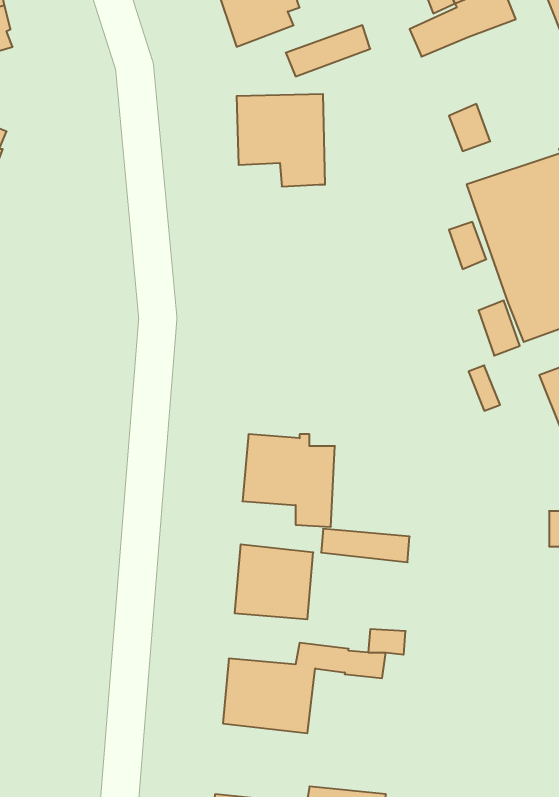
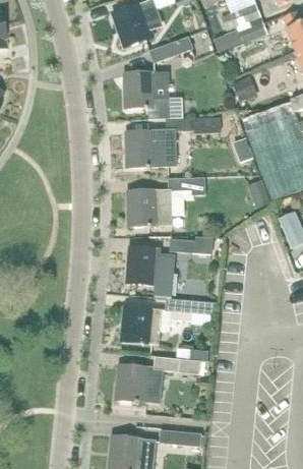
building: none -> [124,117,220,167]
building: none -> [127,176,204,226]
building: none -> [169,236,213,253]

